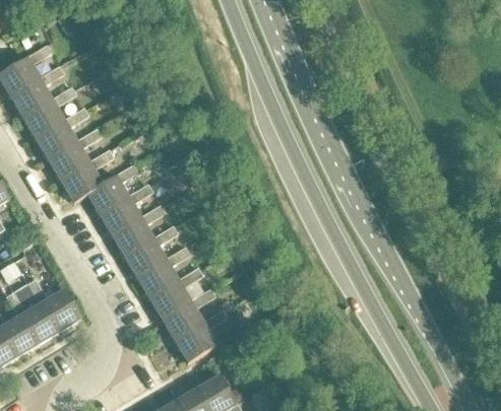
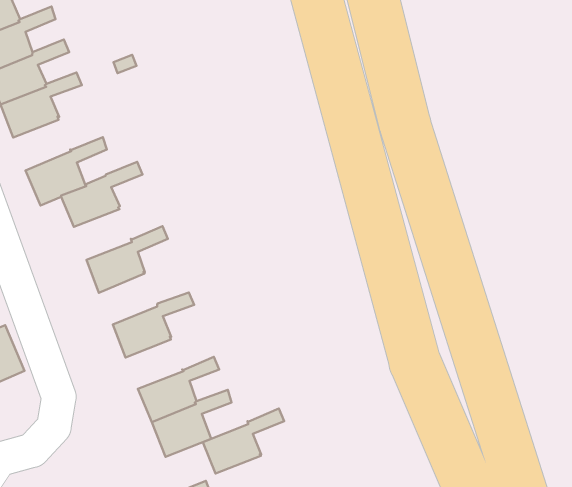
building: [48,128,102,181] -> none
building: [100,184,153,235] -> none
building: [124,225,178,277] -> none
building: [149,267,203,319] -> [203,409,284,474]

